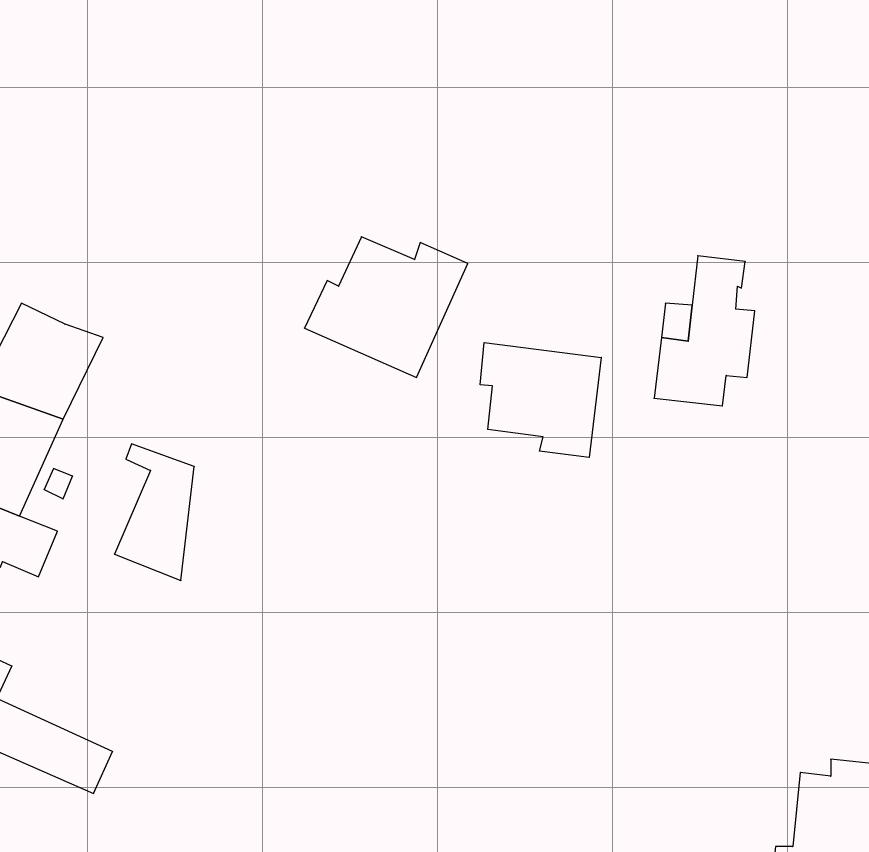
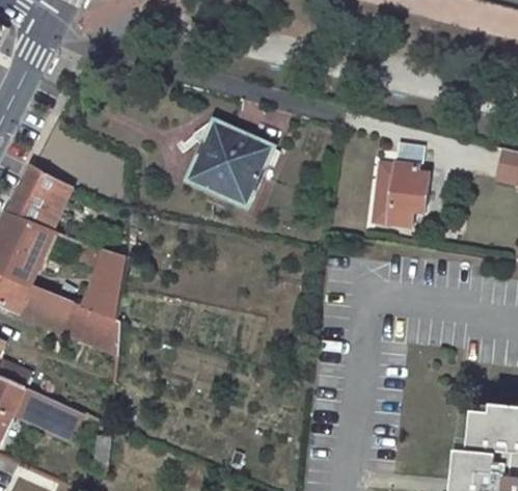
building: [480,343,601,457] -> none
building: none -> [38,293,120,353]

